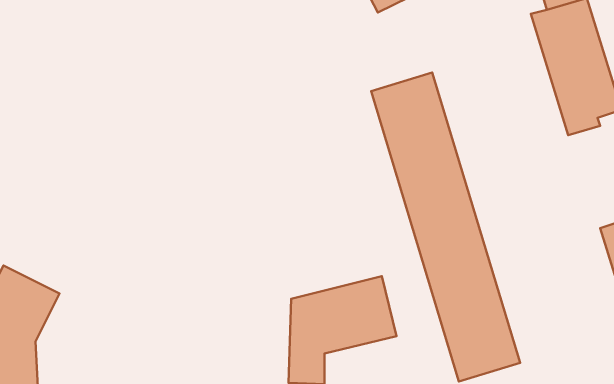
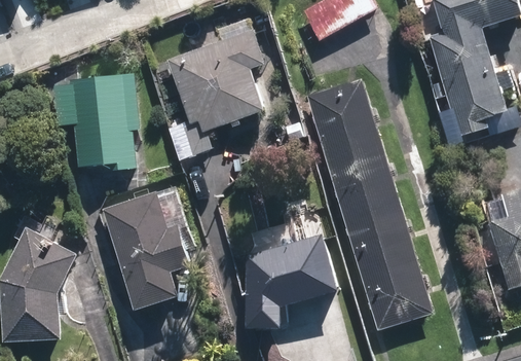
building: none -> [174,37,259,149]
building: none -> [77,72,137,161]
building: none -> [109,201,184,305]

